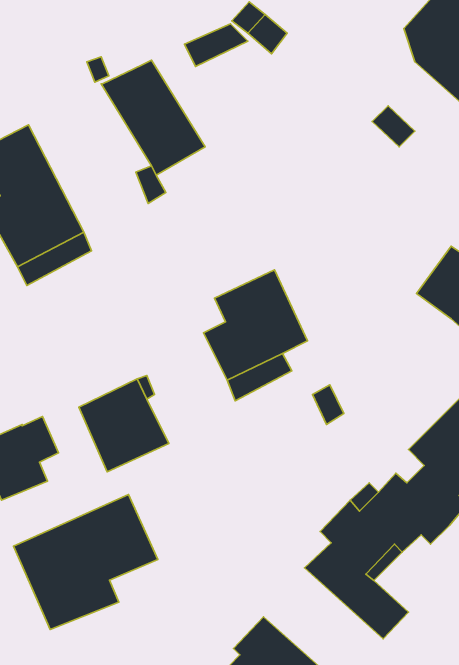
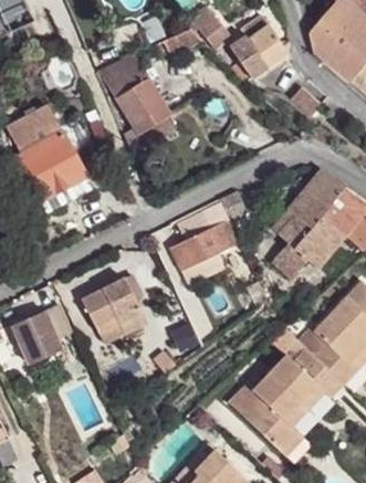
building: none -> [230,19,289,81]
building: none -> [270,170,344,277]
building: [13,494,158,629] -> none

